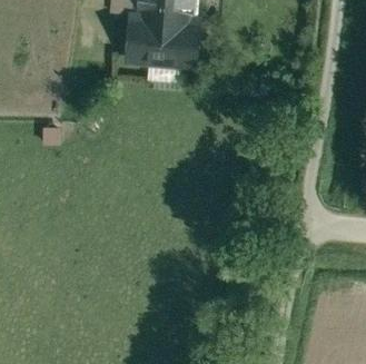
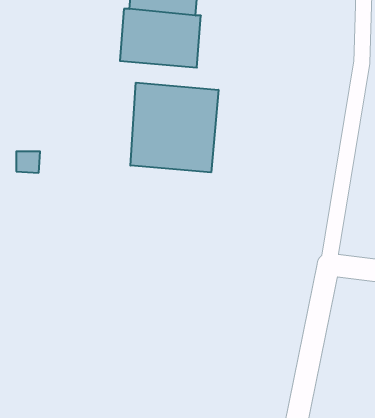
building: none -> [130,83,218,172]

